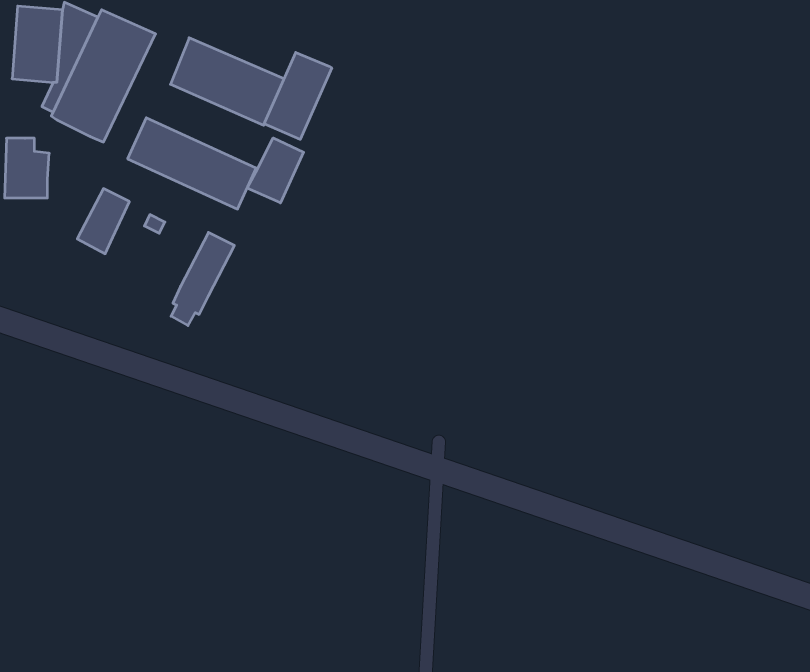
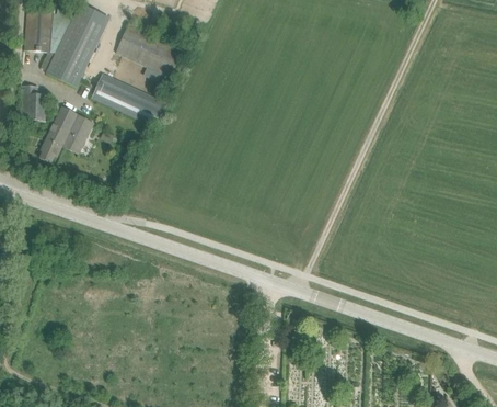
building: [264,52,332,139] -> none
building: [247,138,304,203] -> none
building: [171,232,234,326] -> [39,108,77,162]

